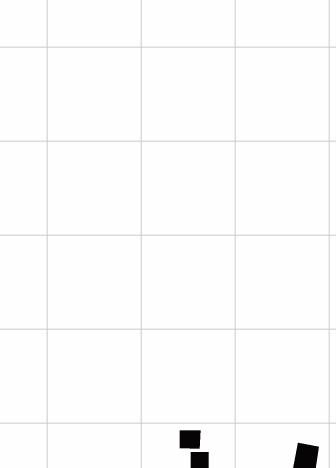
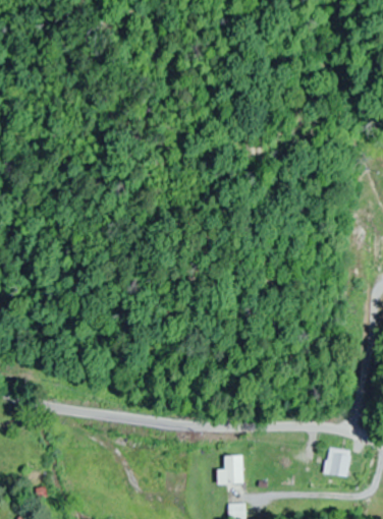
building: [179,429,201,449] -> none

